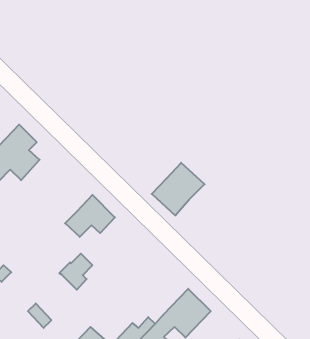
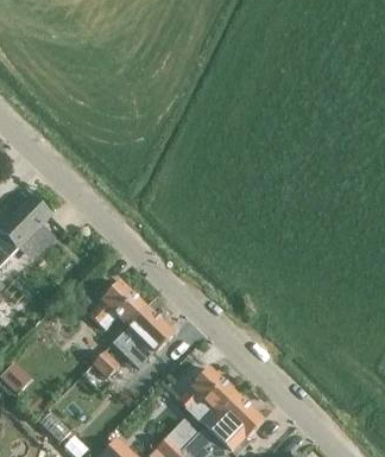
building: [152,163,205,215] -> [111,305,175,369]
building: none -> [179,366,235,424]

